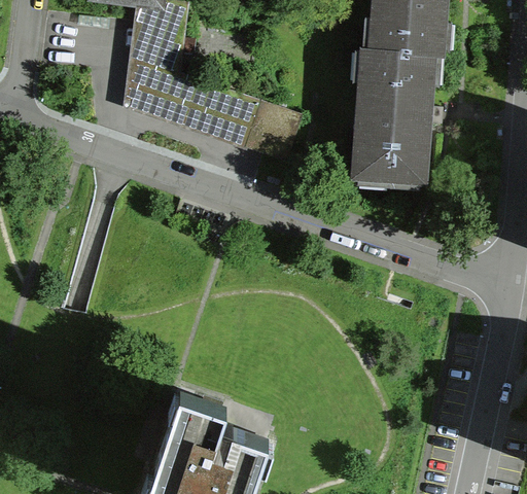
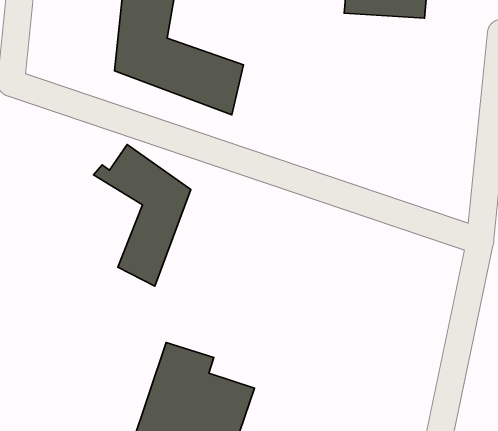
building: [347,45,445,180] -> none
building: none -> [94,144,191,286]

